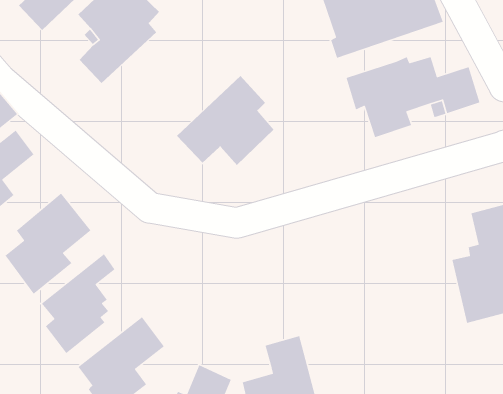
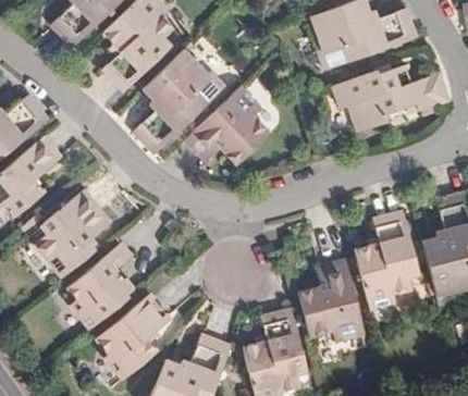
building: none -> [135,47,226,150]
building: none -> [356,213,420,310]
building: none -> [298,260,368,342]

